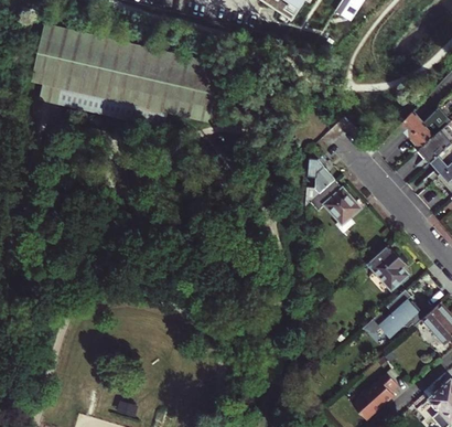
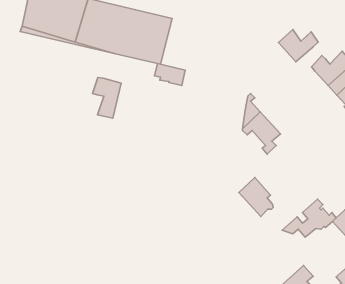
building: none -> [279,29,318,62]
building: none -> [154,64,185,85]
building: none -> [93,77,121,118]
building: [366,243,409,291] -> [239,178,273,216]

